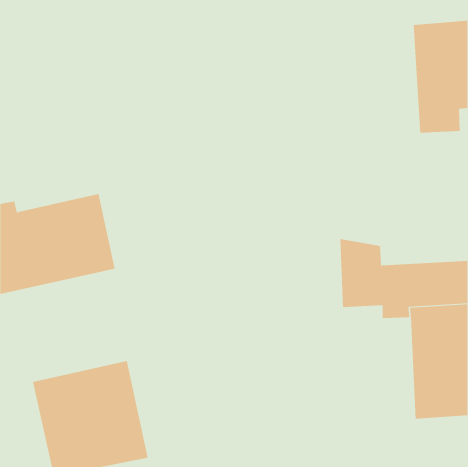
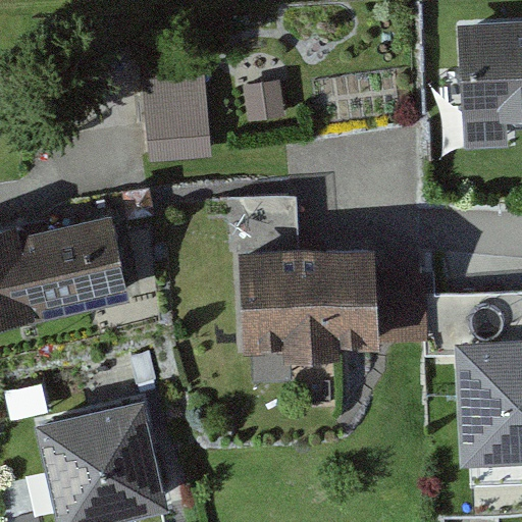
building: none -> [144,76,211,162]
building: none -> [229,197,380,356]

